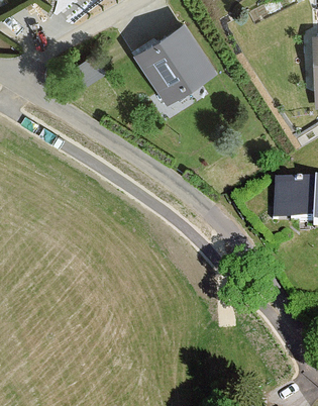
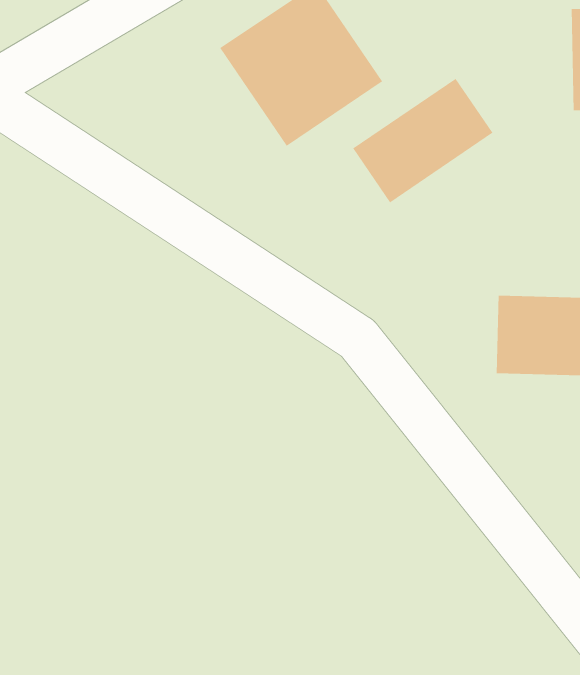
building: none -> [352,78,493,203]

